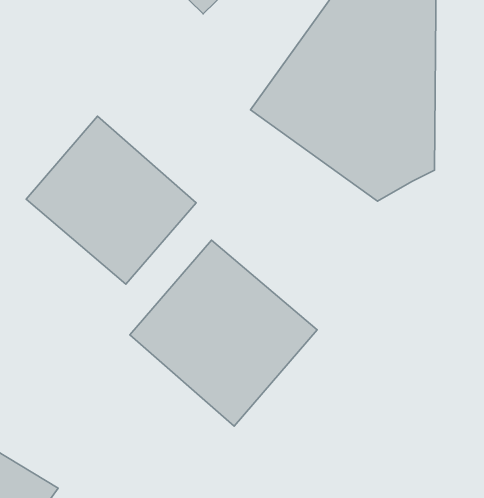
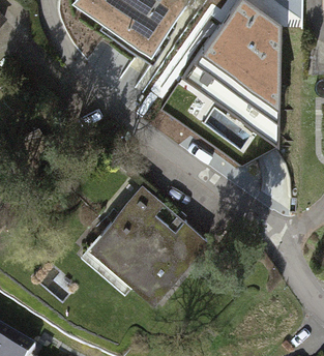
building: [26,116,196,284] -> none

